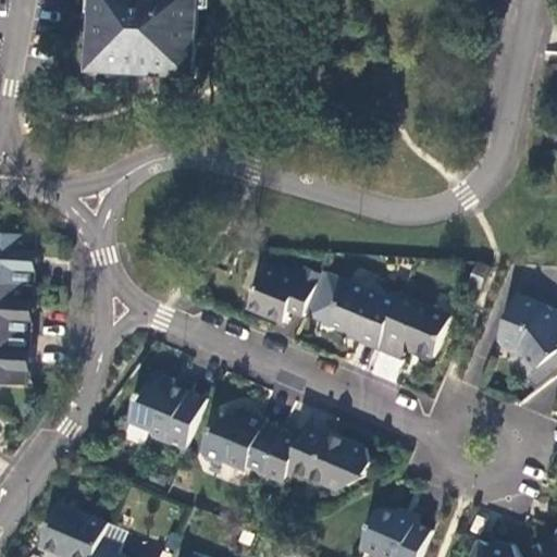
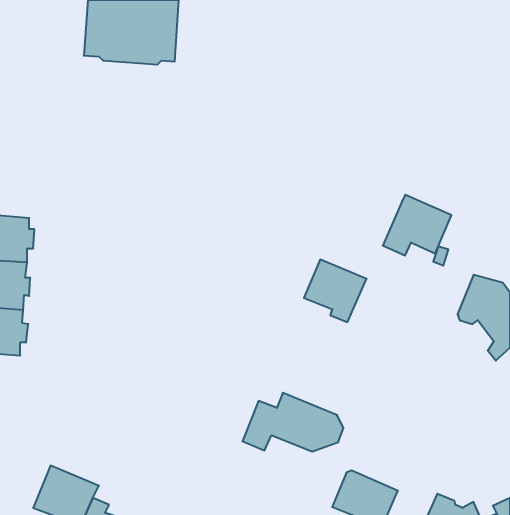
building: [246,267,318,323] -> none
building: [374,294,448,359] -> [383,195,451,256]
building: [125,367,207,451] -> none
building: [198,409,278,476] -> none

